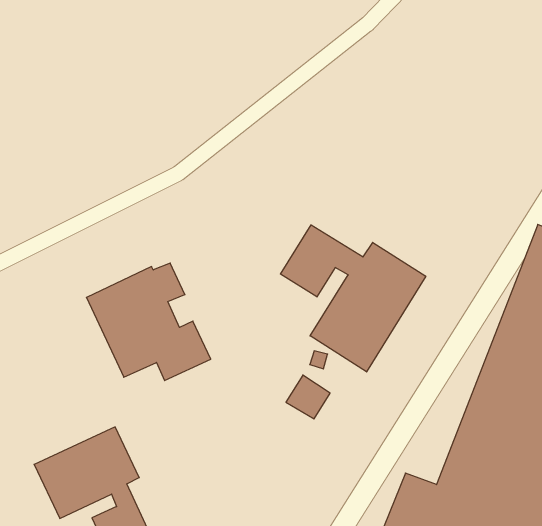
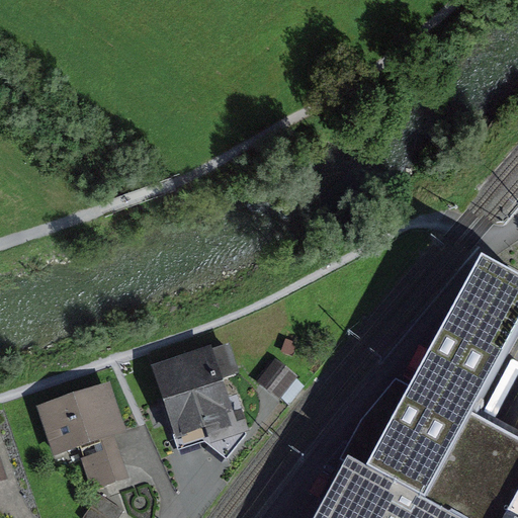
building: [280,225,426,372] -> none
building: [86,263,211,381] -> [151,345,250,444]

